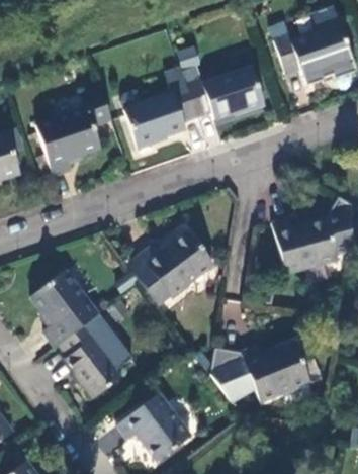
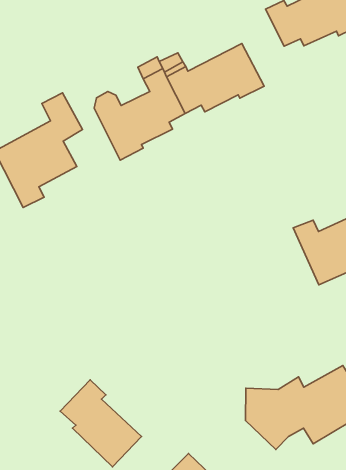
building: [128,230,216,306] -> none
building: [31,271,99,347] -> none

